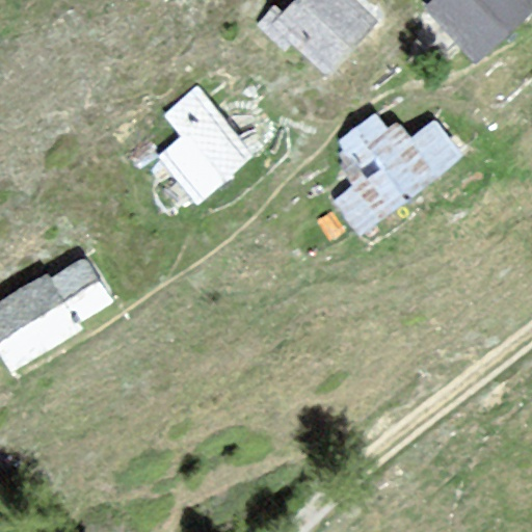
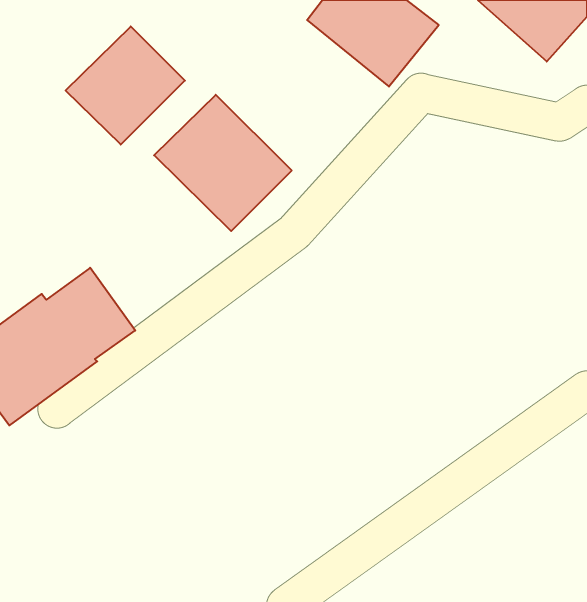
building: none -> [66,26,185,145]
building: [322,106,477,238] -> none

